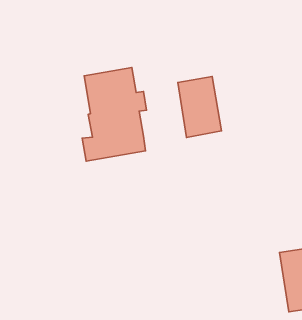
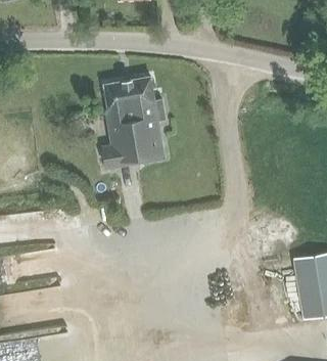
building: [178,76,221,137] -> none

